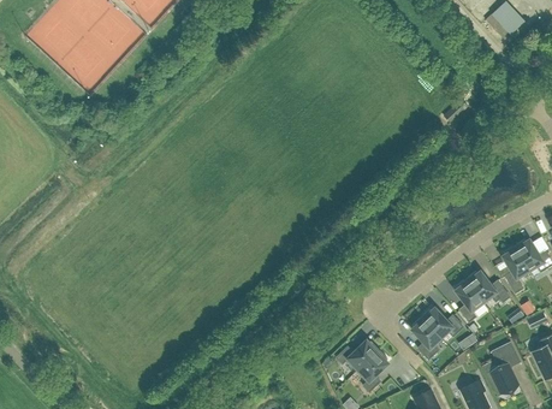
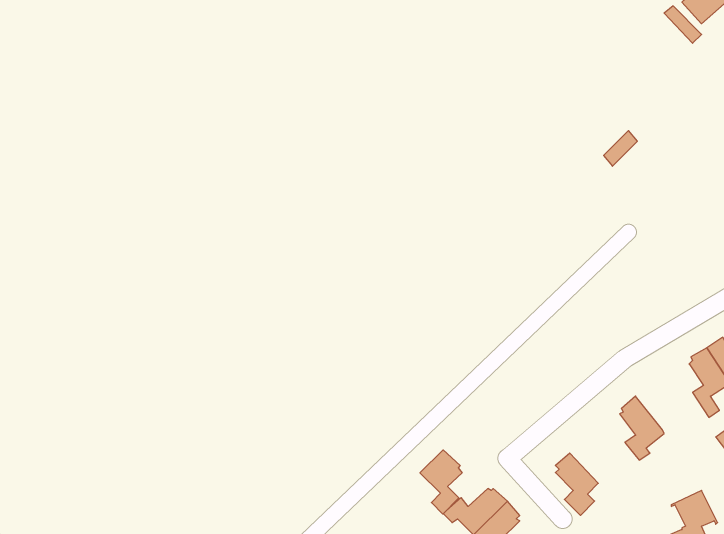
building: [465,271,509,302] -> none
building: [421,308,463,337] -> none
building: none -> [420,450,462,514]

